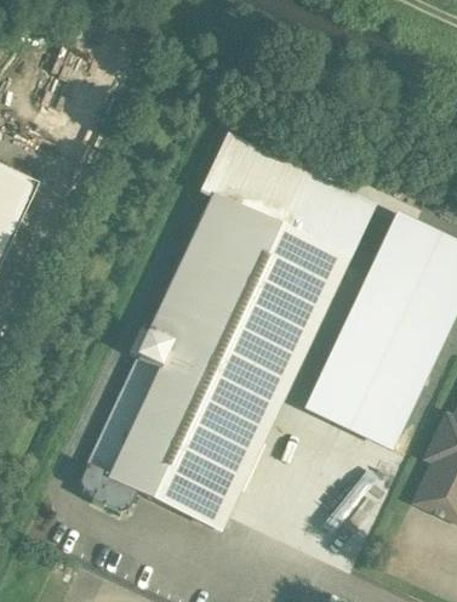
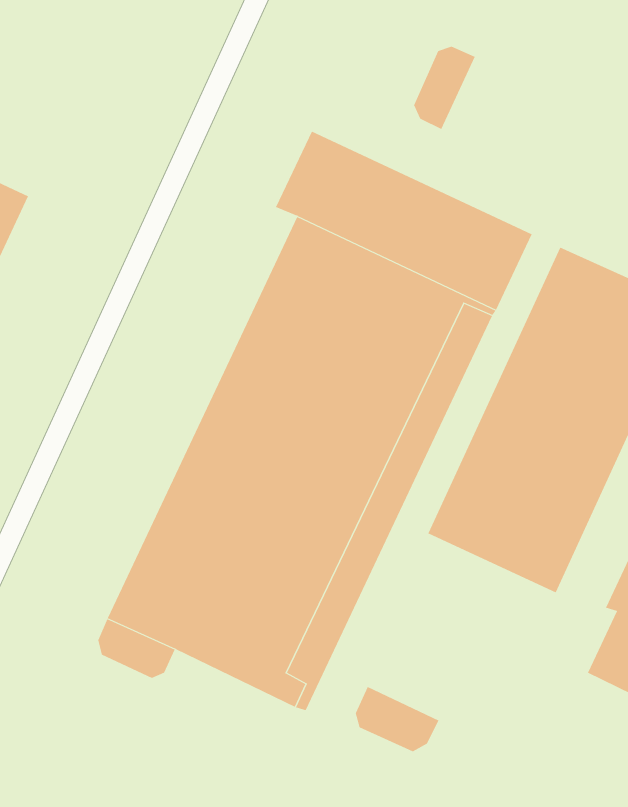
building: none -> [413,46,476,130]
building: none -> [355,686,439,752]

